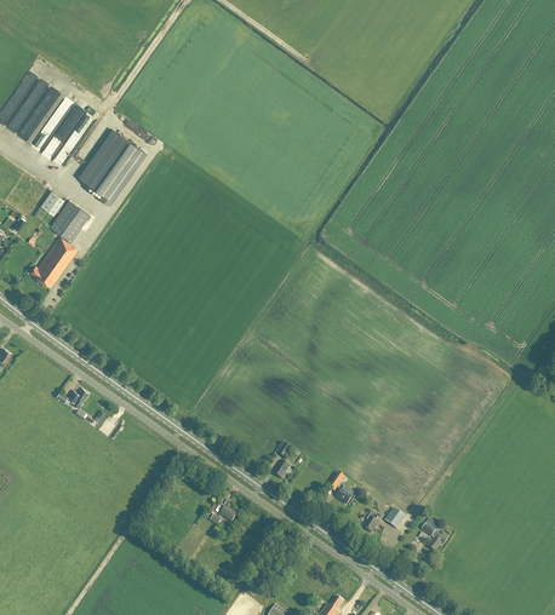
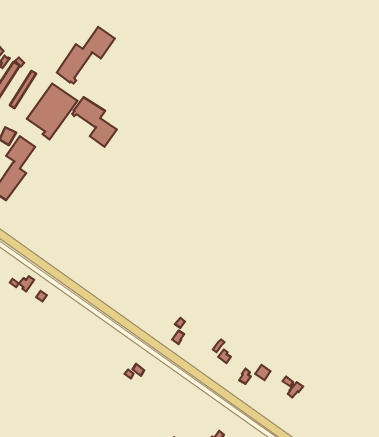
building: none -> [57,27,115,83]
building: none -> [72,97,117,147]

